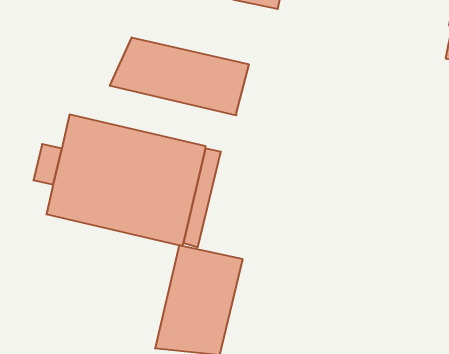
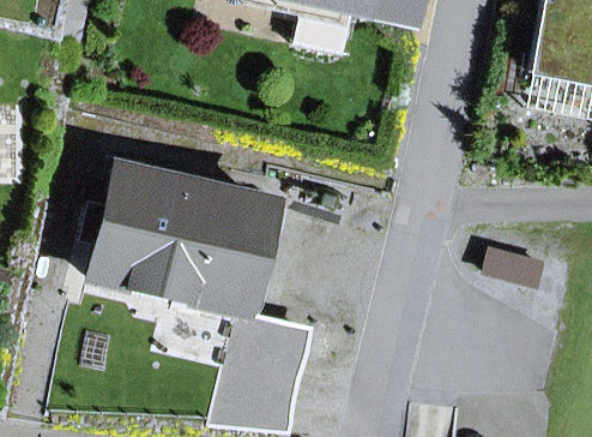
building: [110,37,249,115] -> none

